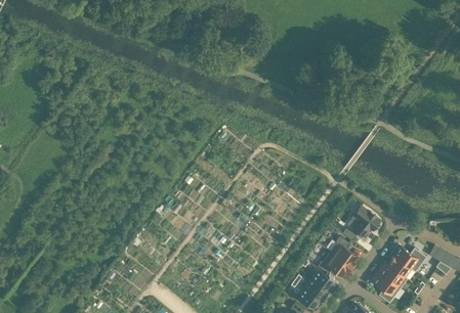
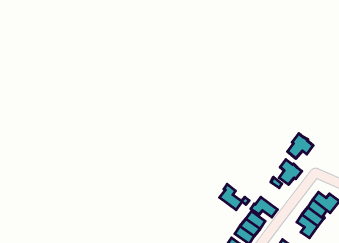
building: none -> [288,134,313,159]
building: [329,236,357,268] -> [219,184,242,210]

